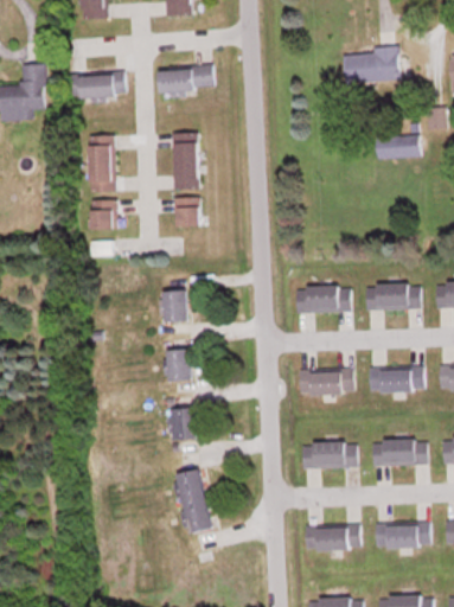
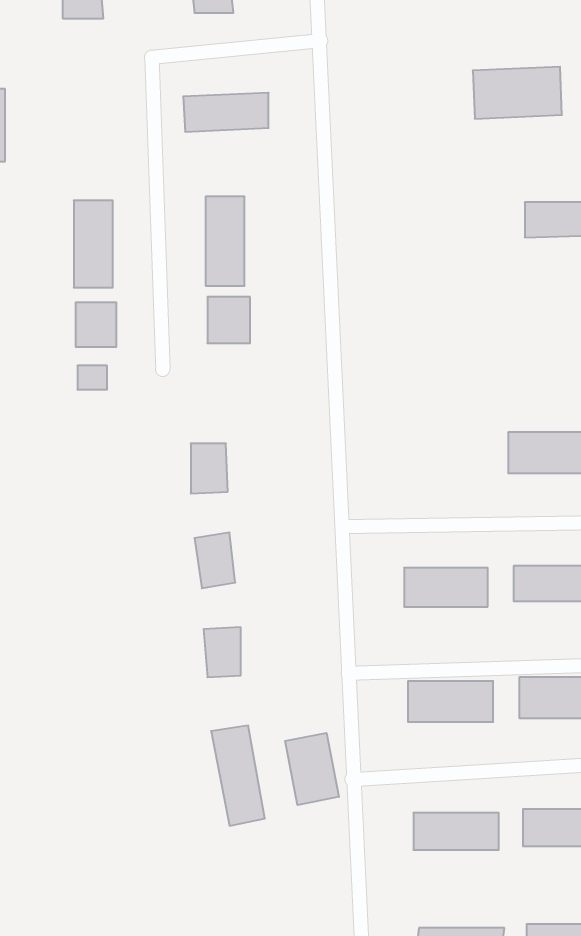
building: [69,72,124,96] -> none
building: [295,286,350,312] -> none
building: none -> [285,733,339,805]

